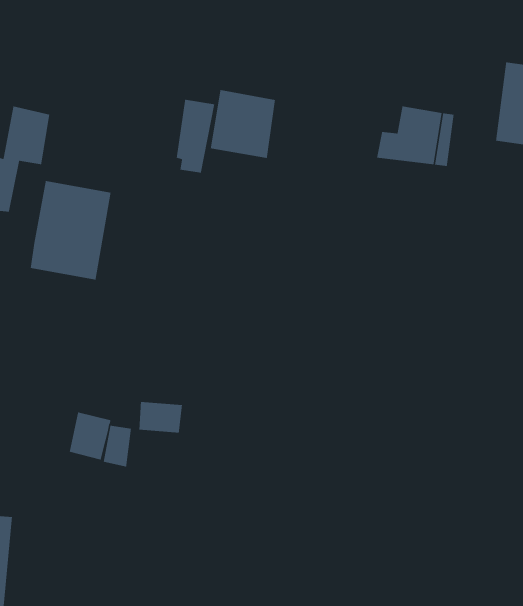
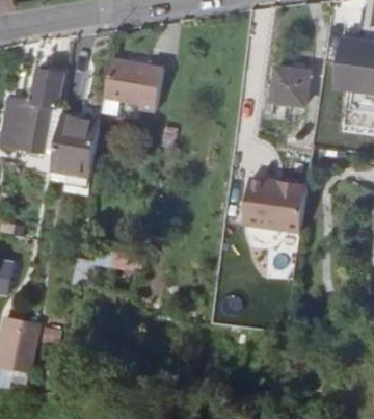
building: [210,89,276,159] -> [102,58,142,101]
building: none -> [248,175,306,228]

